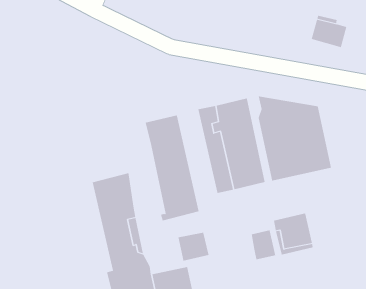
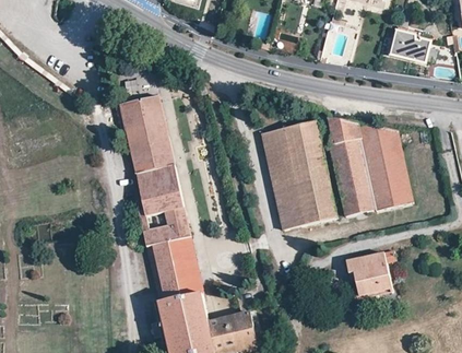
building: [145,115,200,221] -> [120,94,182,215]
building: [251,230,276,260] -> none
building: [178,232,209,262] -> none

